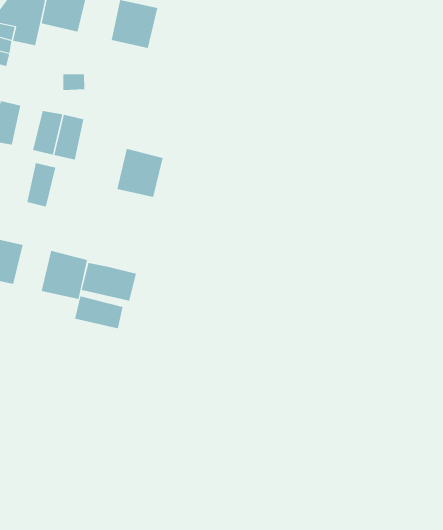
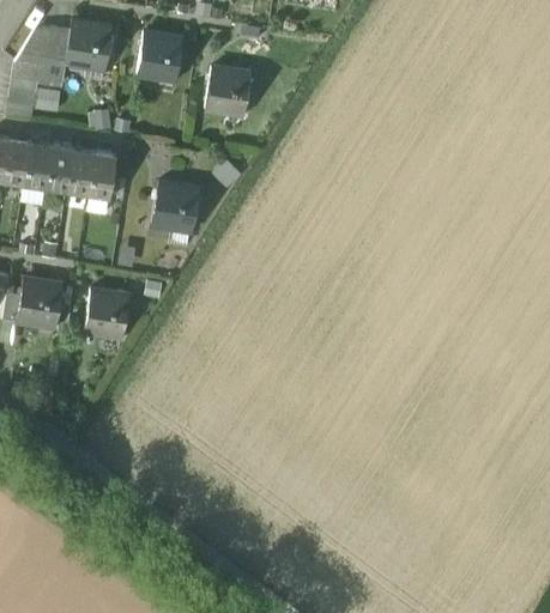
building: none -> [205,68,250,115]
building: [27,162,56,207] -> [46,146,73,190]
building: [81,262,136,302] -> none
building: [75,296,123,329] -> none

